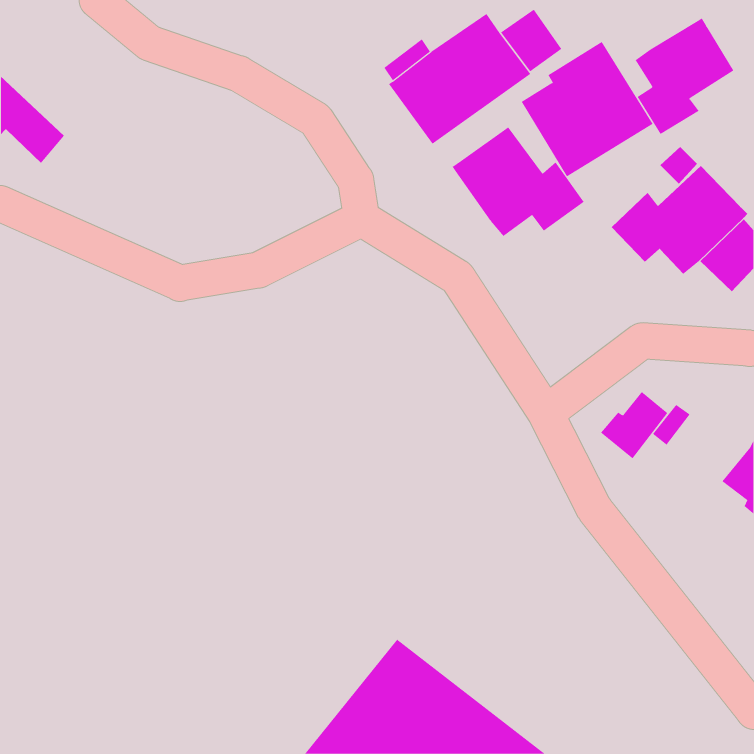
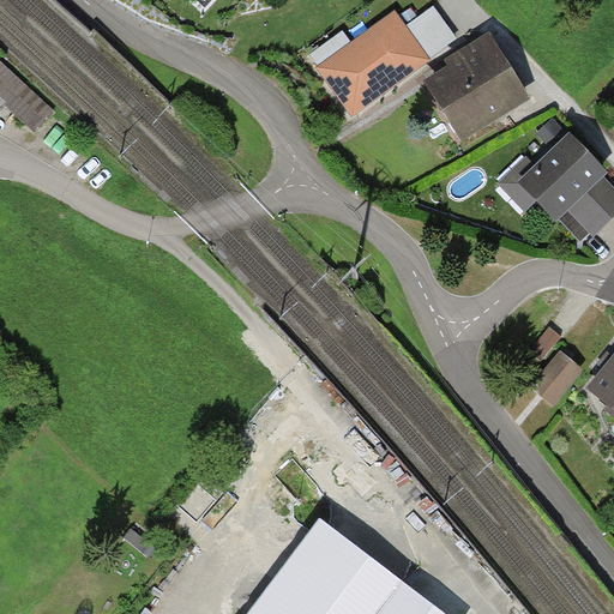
building: [635,18,734,135] -> none
building: [452,126,585,237] -> none
building: [600,391,668,459] -> [528,353,583,408]

